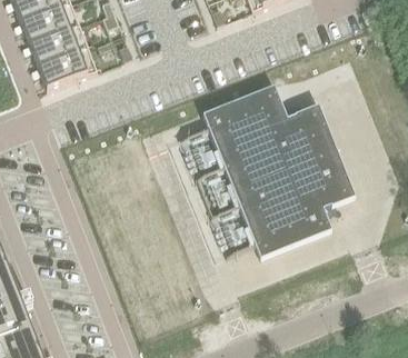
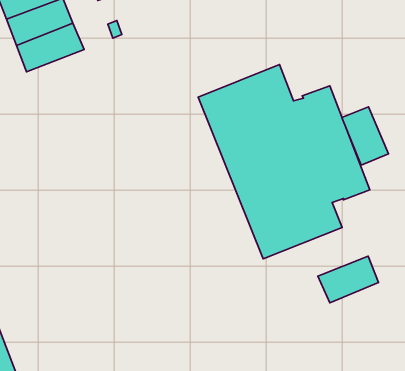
building: none -> [342,107,388,165]
building: none -> [318,256,378,303]

